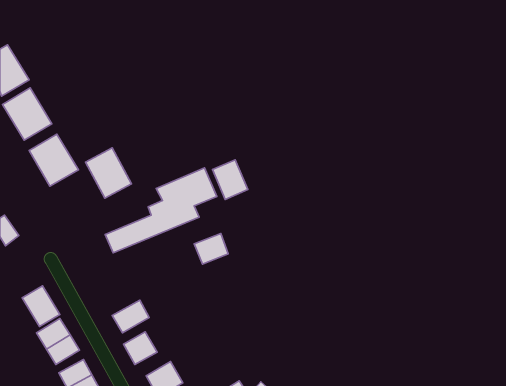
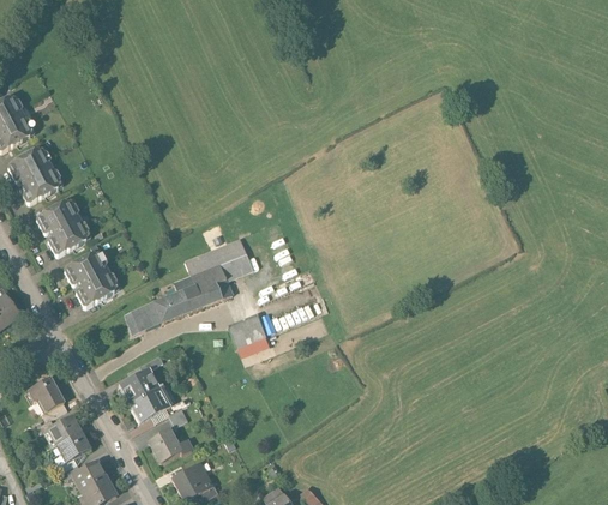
building: [85,148,132,198] -> [64,248,118,307]
building: [213,160,248,199] -> none
building: none -> [120,369,164,408]

